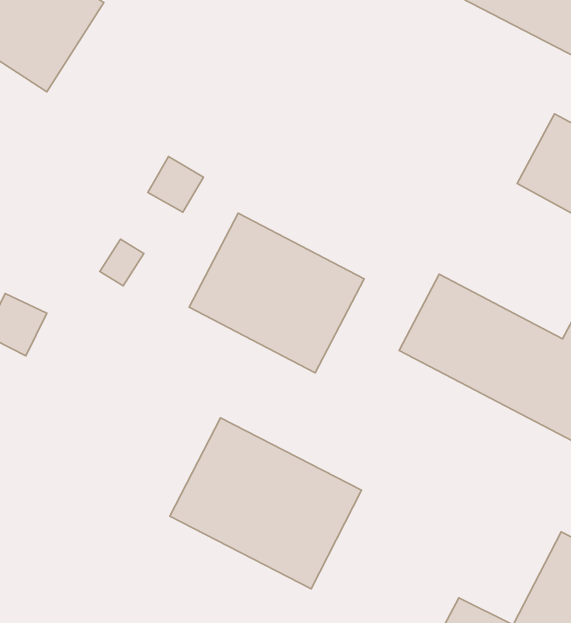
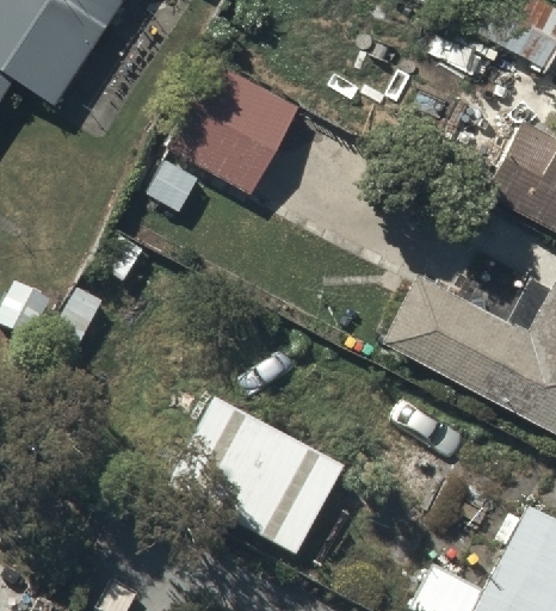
building: none -> [167,62,297,189]
building: [189,213,364,373] -> none

